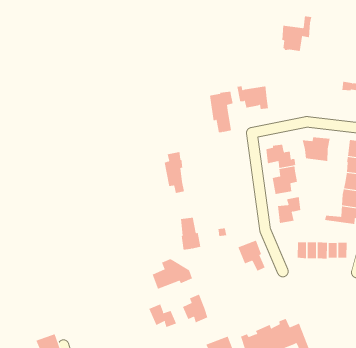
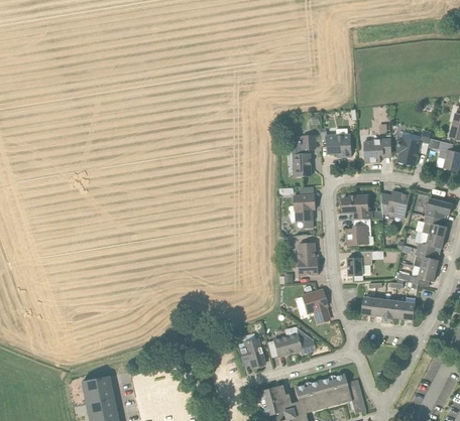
building: [281,16,312,52] -> [397,130,432,166]
building: none -> [364,138,392,163]
building: [164,152,185,194] -> [296,186,315,229]
building: [180,217,201,250] -> [300,243,319,275]
building: [152,259,193,290] -> [273,326,315,357]
building: [148,304,177,328] -> none

